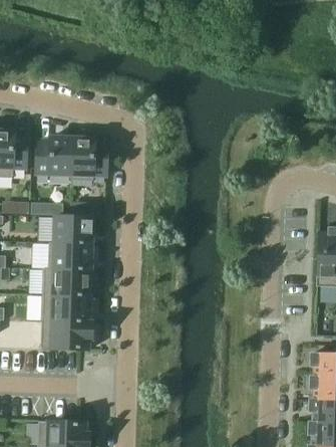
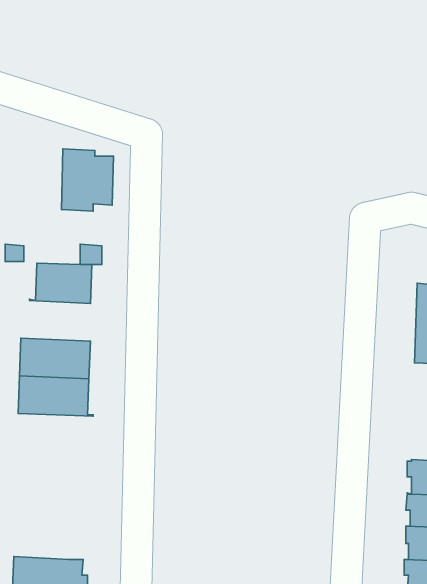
building: [34,137,71,179] -> none
building: [42,242,90,270] -> none
building: [39,320,92,350] -> none

